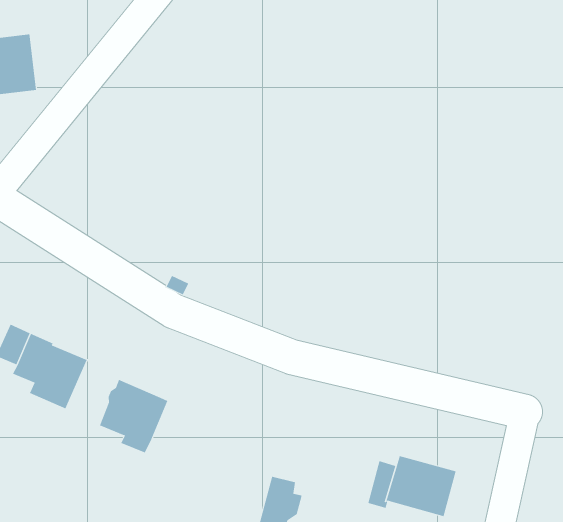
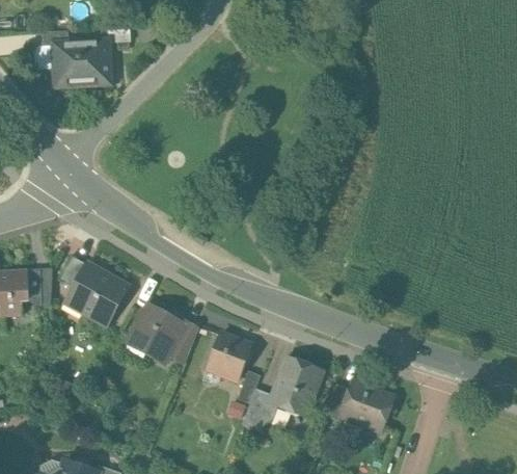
building: none -> [167,318,197,364]
building: none -> [208,333,250,380]
building: none -> [270,359,320,416]

